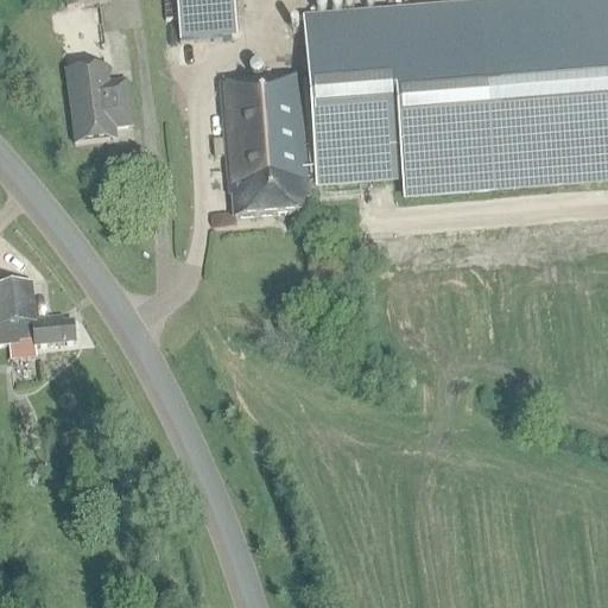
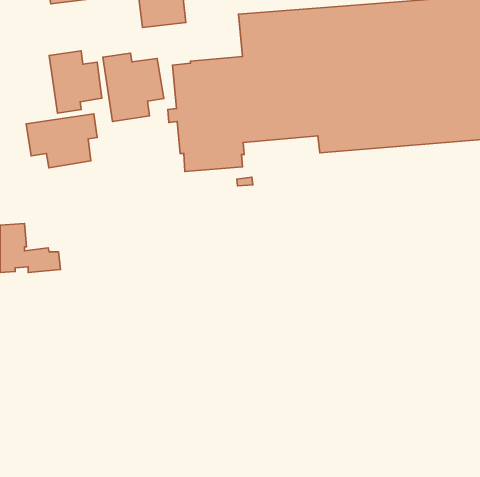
building: none -> [103,53,164,121]
building: none -> [26,114,97,168]

